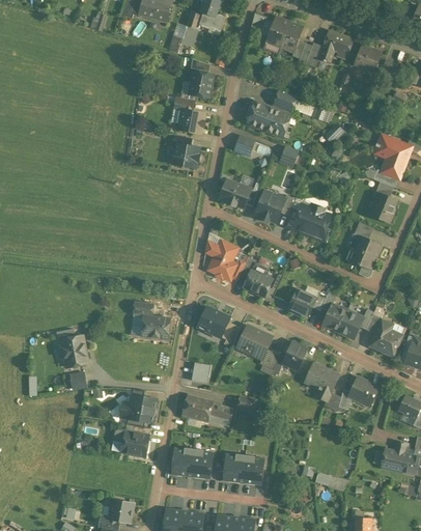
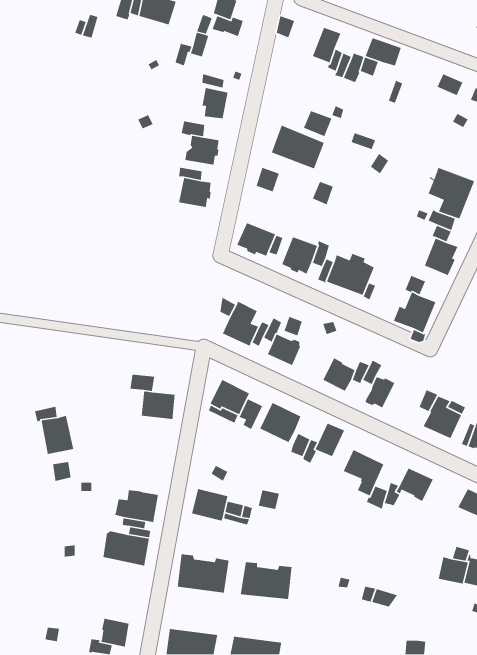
building: [265,17,289,46] -> none
building: [355,45,382,72] -> none
building: [337,309,364,339] -> none

